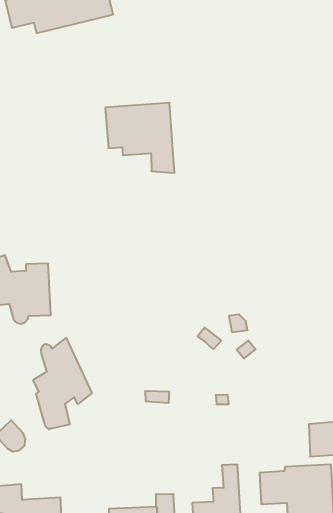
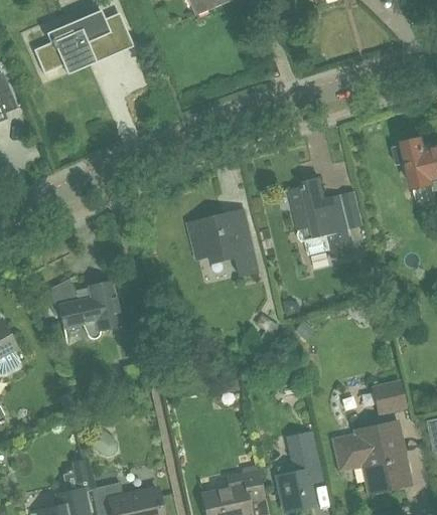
building: [105,103,175,173] -> [187,209,260,274]
building: none -> [288,178,351,244]
building: [33,338,92,429] -> none

